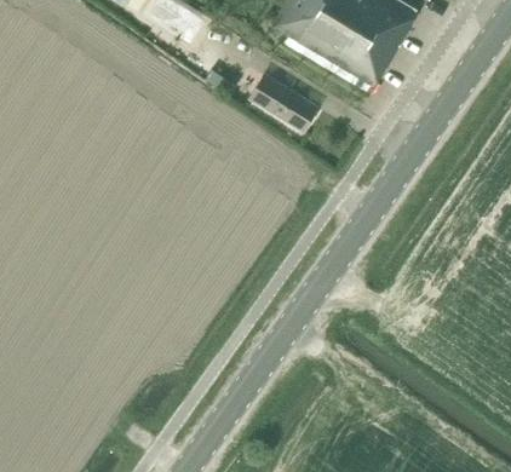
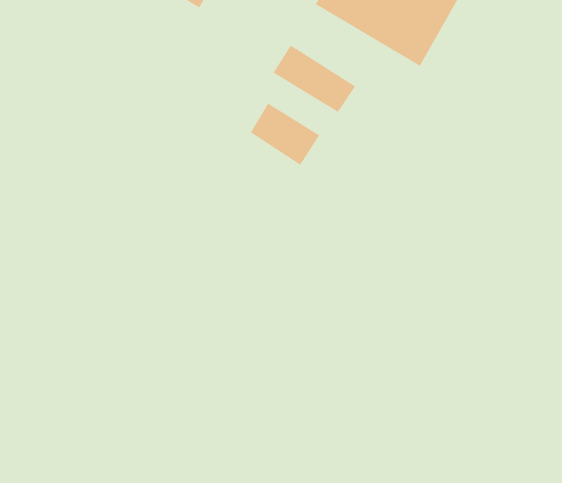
building: none -> [250,102,320,166]

